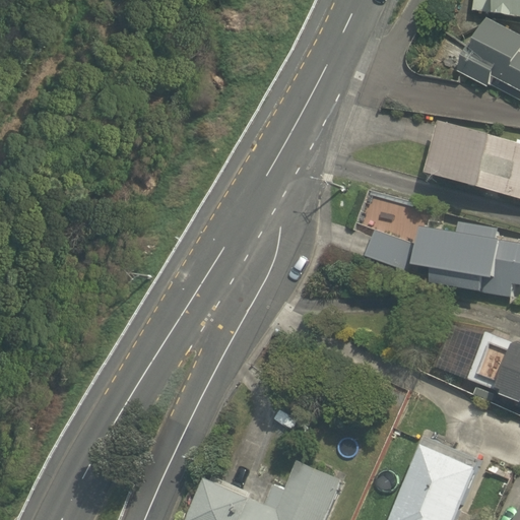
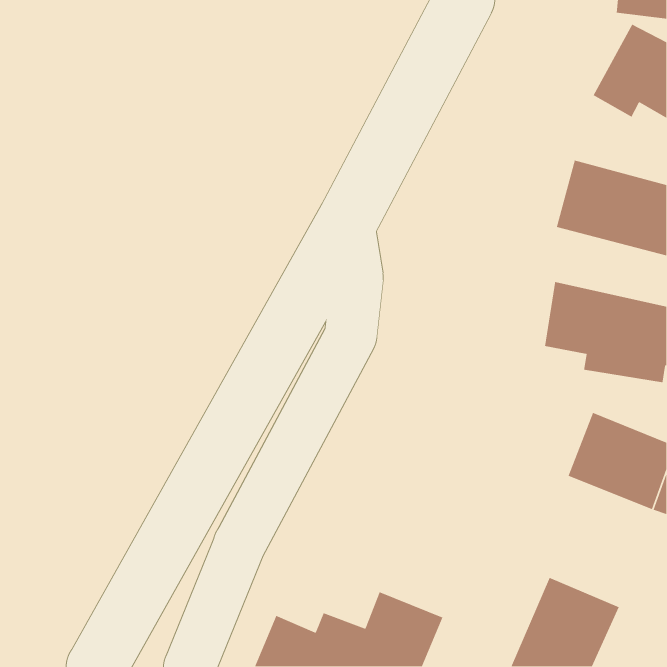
building: [361,201,427,270] -> none

